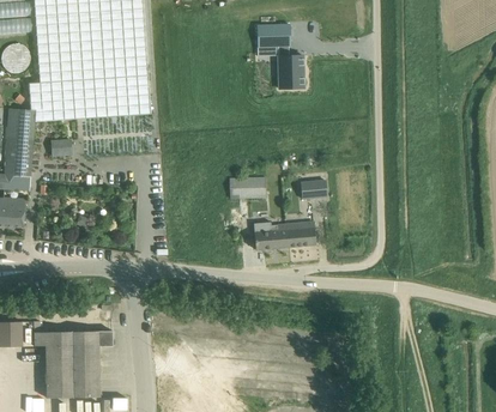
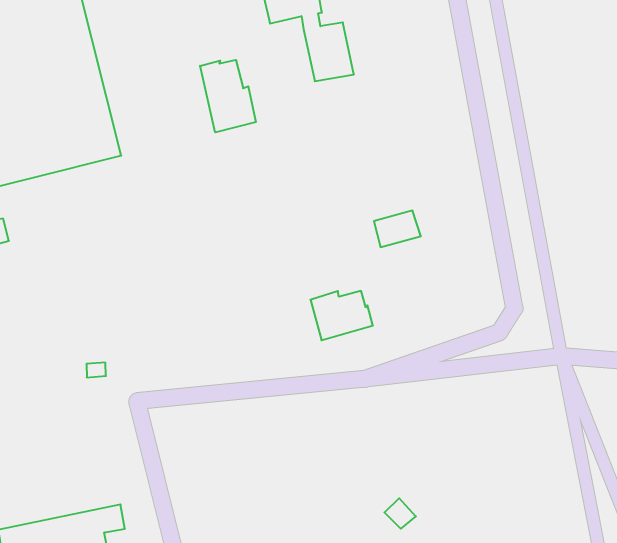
building: none -> [200,60,256,132]
building: [228,176,266,199] -> none
building: [284,222,315,247] -> none

